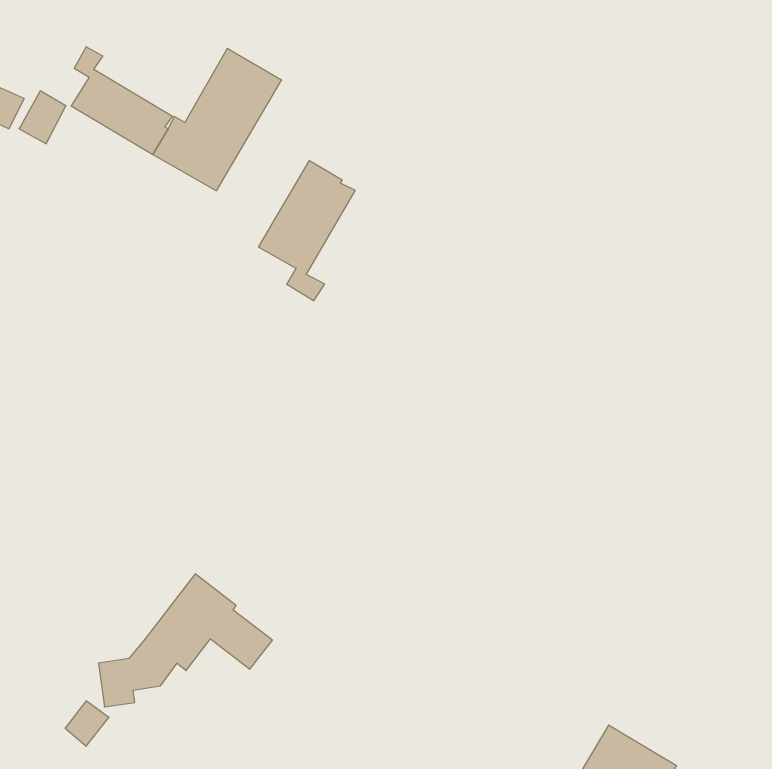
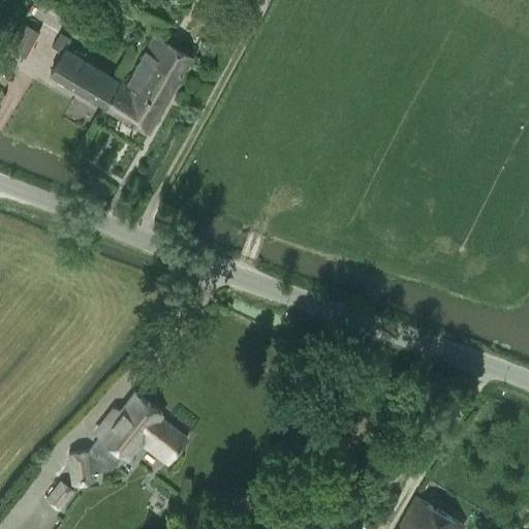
building: [19,91,66,144] -> [7,23,39,59]
building: [258,160,355,301] -> none

